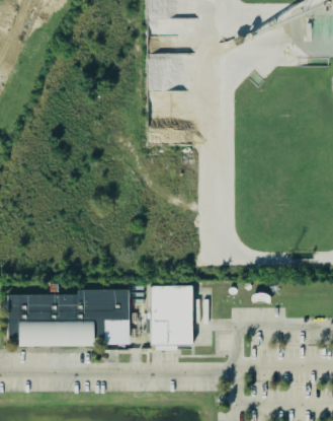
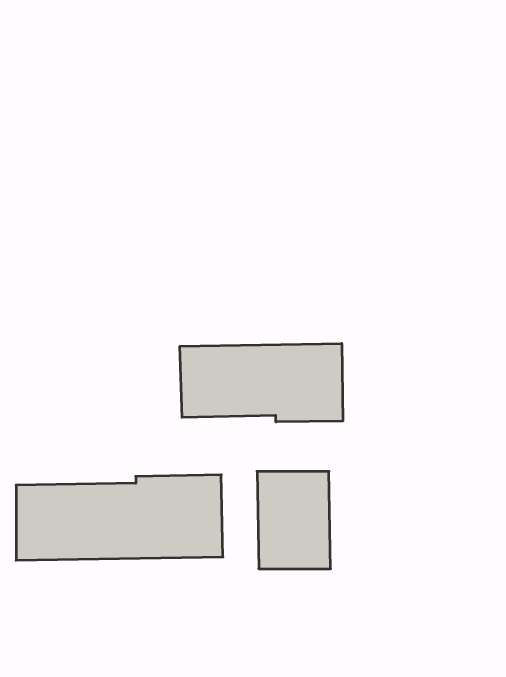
building: none -> [180,343,343,422]

